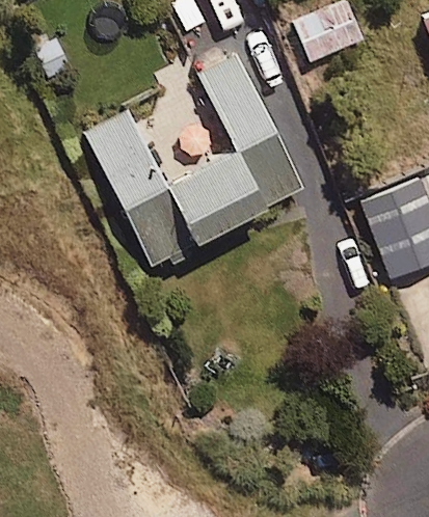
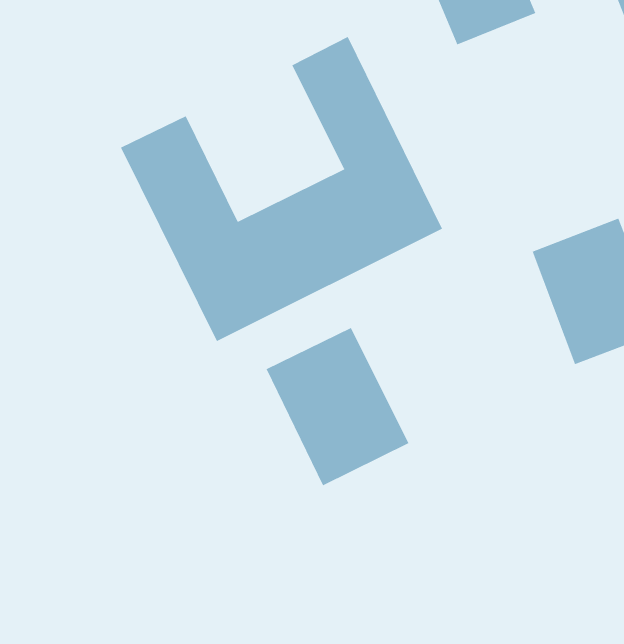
building: none -> [266,327,409,486]

